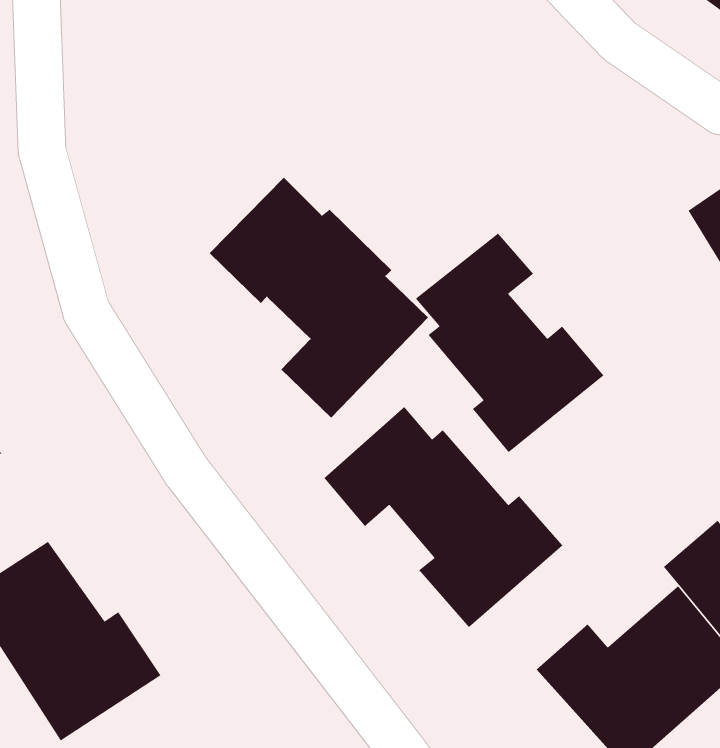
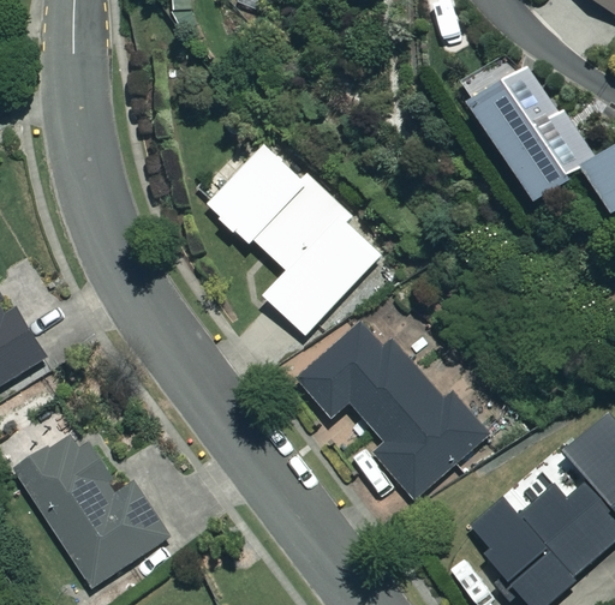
building: none -> [471,66,592,199]
building: [415,232,605,453] -> none

